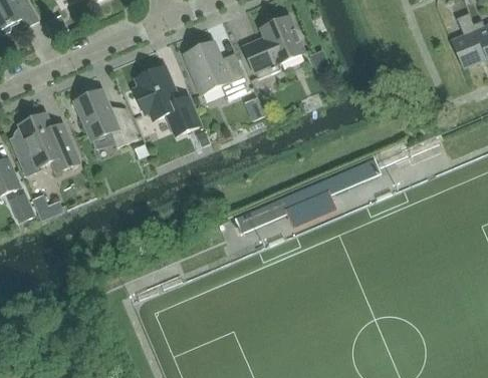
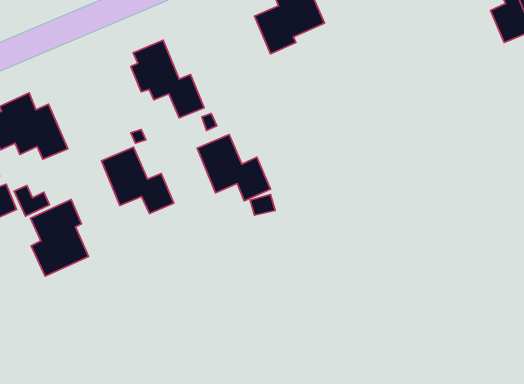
building: [186,41,250,99] -> [197,134,270,201]
building: [74,88,138,146] -> [102,147,174,214]
building: none -> [30,199,88,276]

